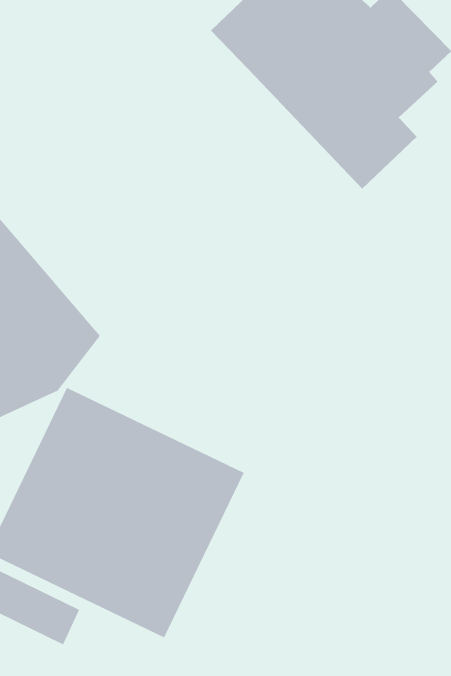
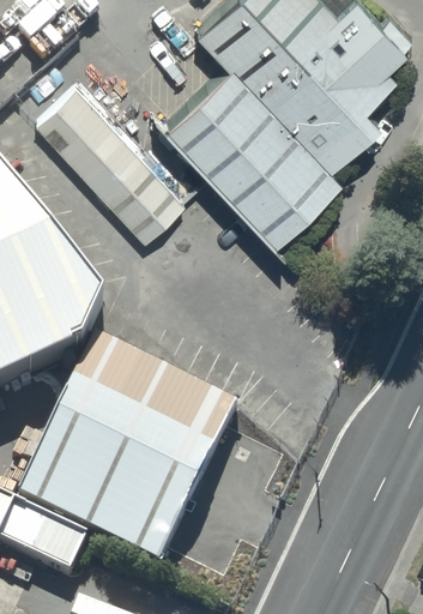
building: none -> [164,66,339,242]
building: none -> [35,86,186,241]

